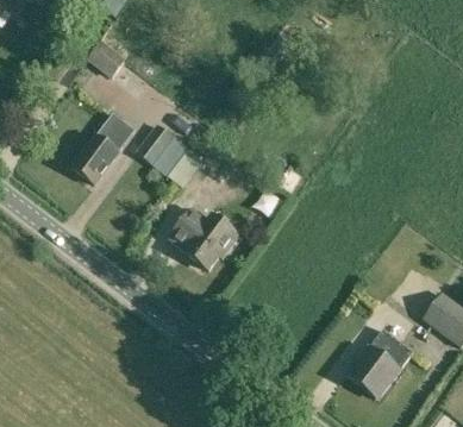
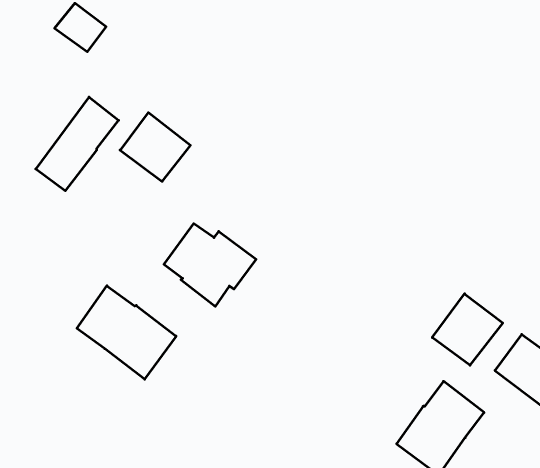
building: none -> [77,286,176,379]
building: none -> [432,294,503,365]

